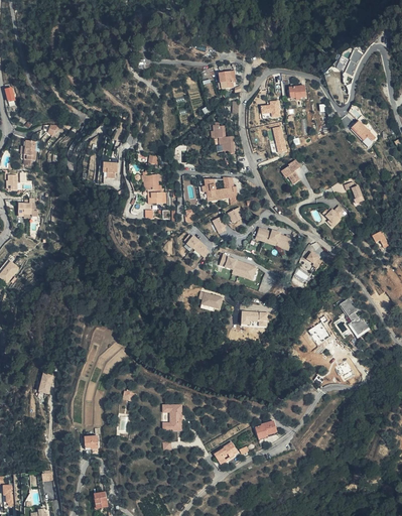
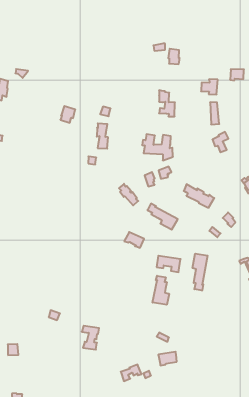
building: none -> [193,254,208,291]
building: none -> [153,276,169,305]

